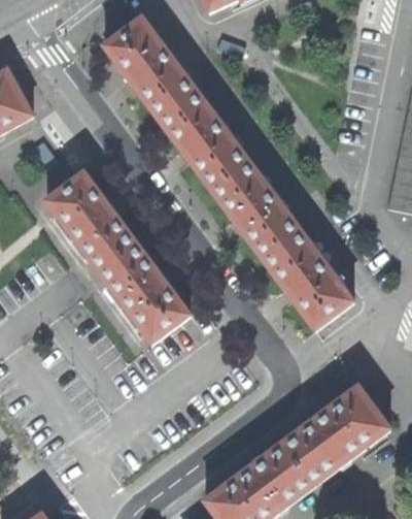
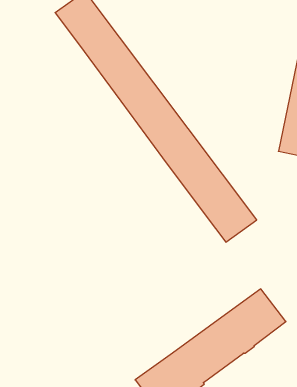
building: [47,172,190,342] -> none

